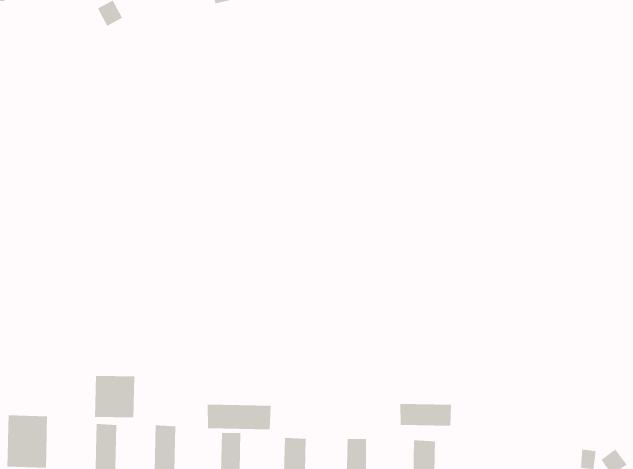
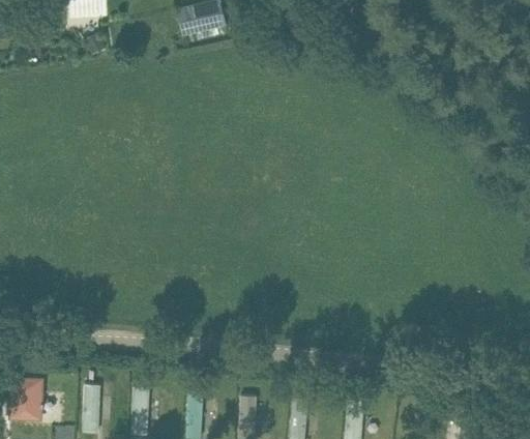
building: [94,375,135,418] -> none
building: [400,403,452,426] -> none
building: [207,404,272,430] -> none

